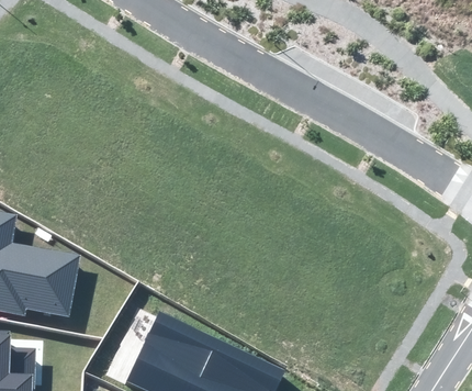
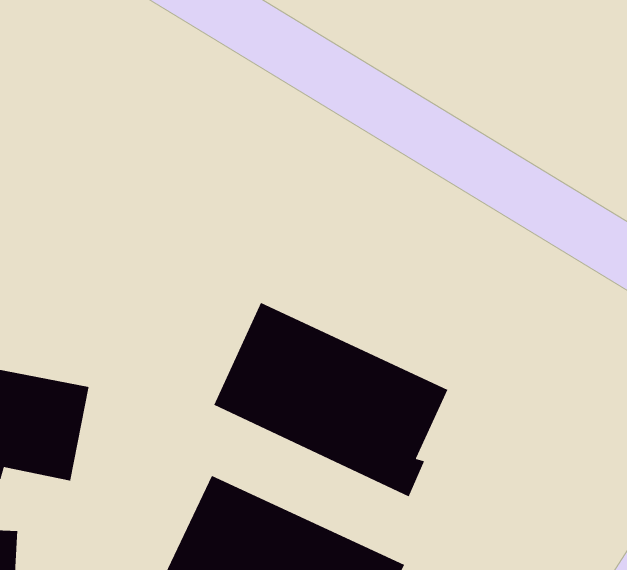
building: none -> [213,302,448,498]

